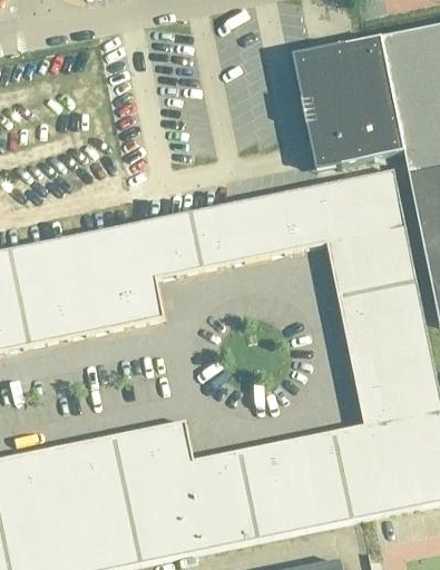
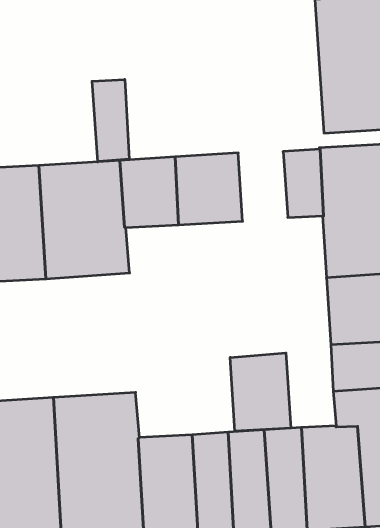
building: none -> [92,79,129,162]
building: [245,190,296,257] -> none
building: none -> [230,353,291,431]

